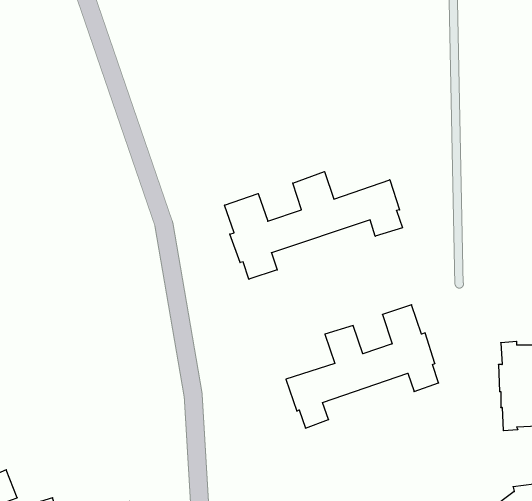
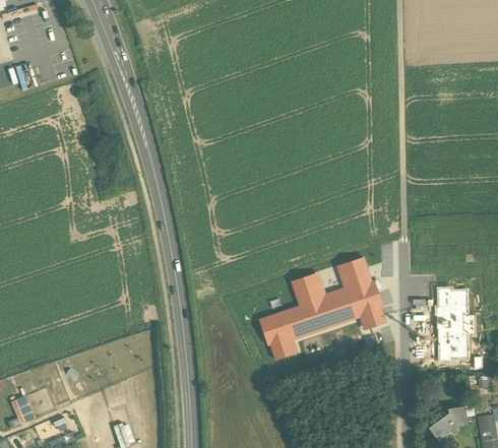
building: [225,172,402,279] -> none

